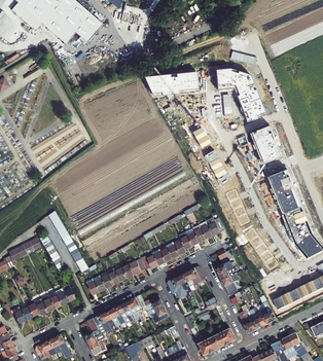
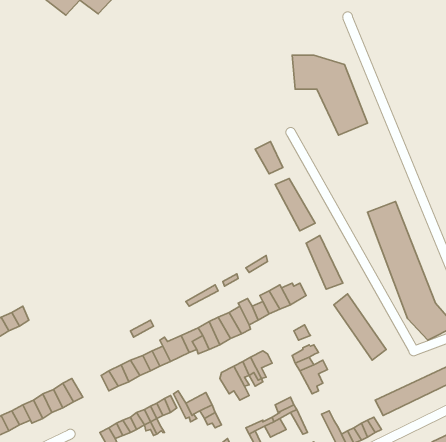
building: [145,72,199,96] -> none
building: [249,125,281,165] -> none

